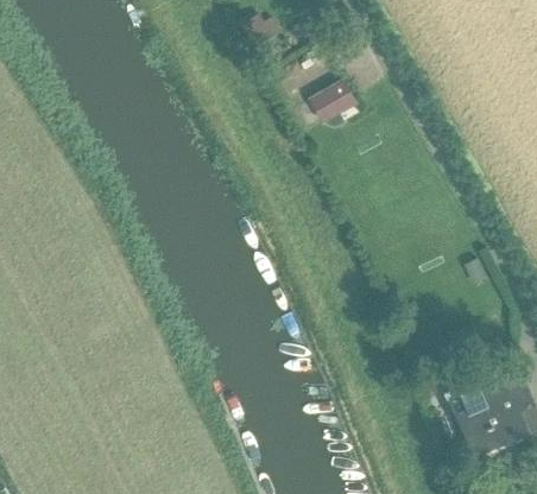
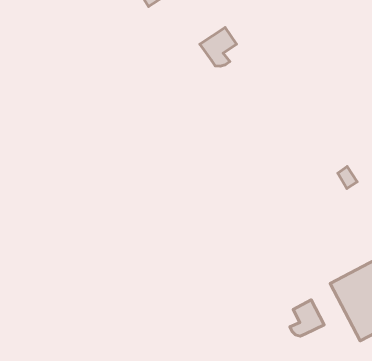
building: none -> [290,300,324,336]

